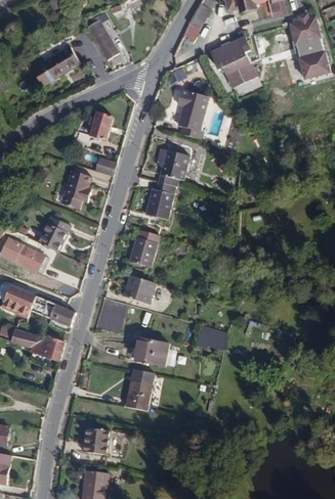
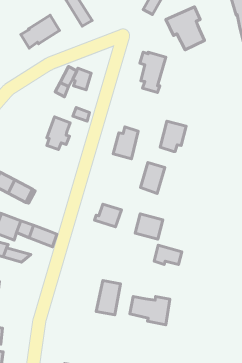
building: [159,149,191,186] -> [160,121,186,151]
building: [39,216,72,251] -> none
building: [129,229,159,267] -> [140,162,165,193]
building: [97,299,127,331] -> none
building: [28,334,65,360] -> none
building: [135,334,169,365] -> [135,214,163,239]
building: none -> [130,297,170,325]
building: [82,426,109,454] -> none

